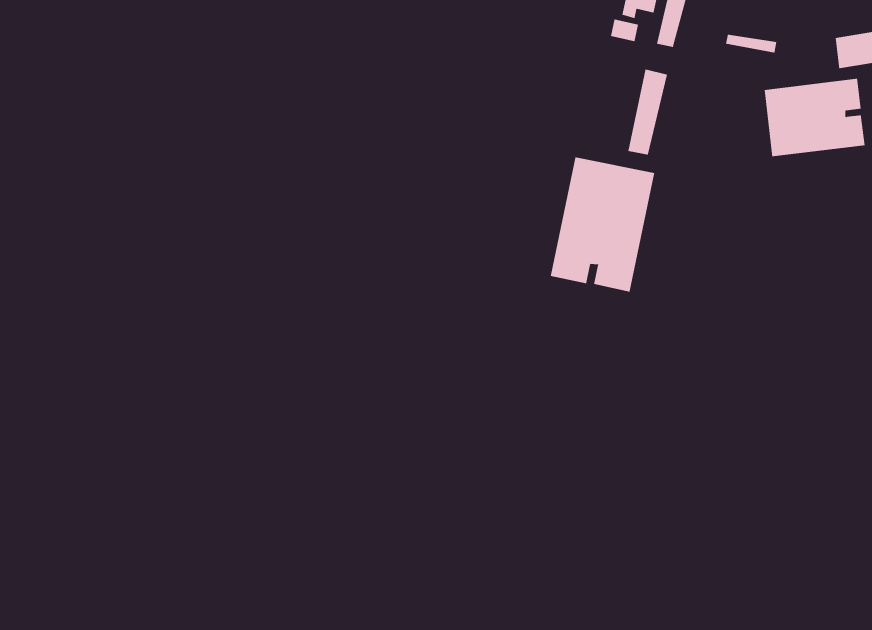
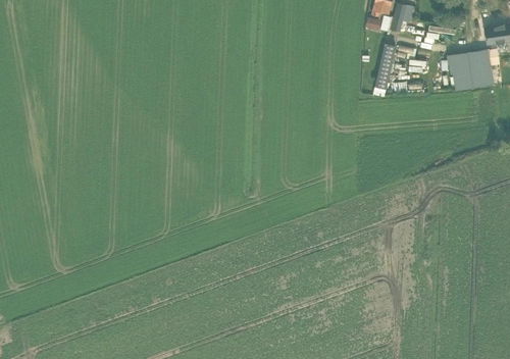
building: [550,156,655,292] -> none

